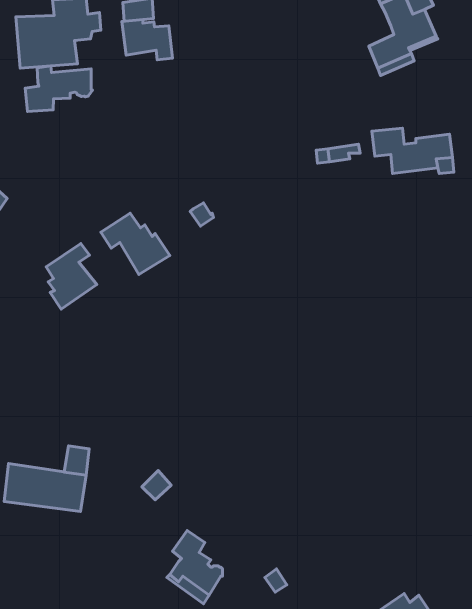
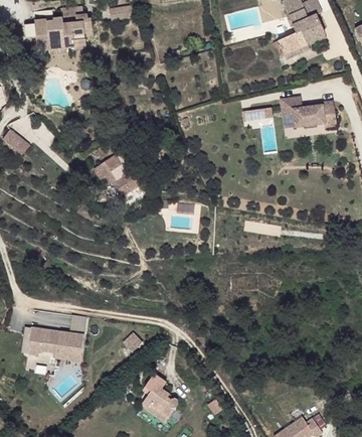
building: [122,19,172,60] -> none
building: [25,66,93,111] -> none
building: [46,243,97,309] -> none

